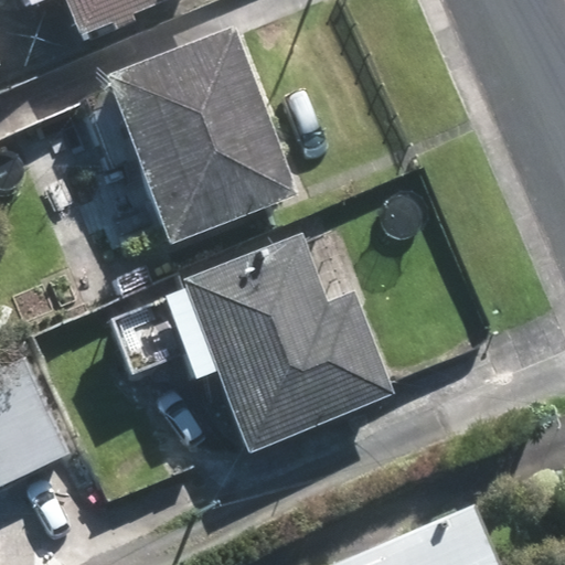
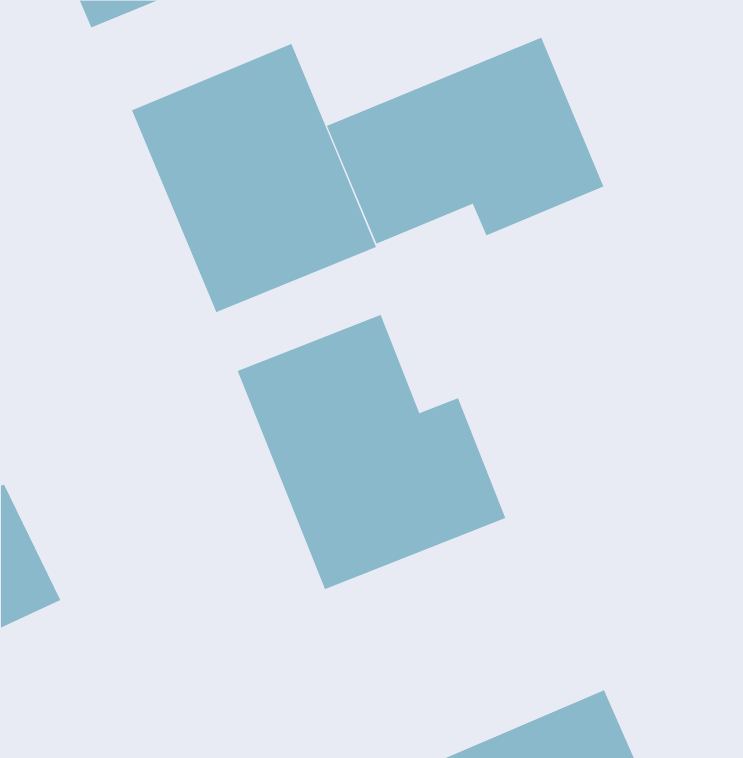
building: none -> [326,37,604,245]

